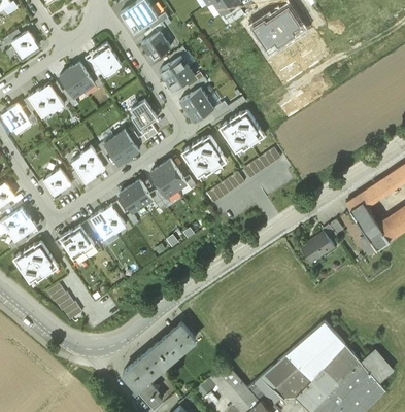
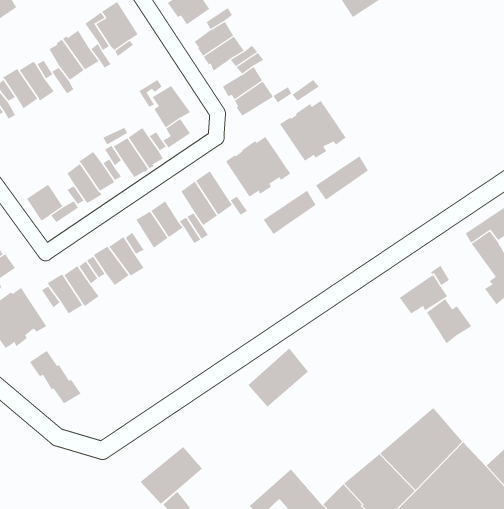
building: none -> [426,298,472,344]
building: [153,323,195,365] -> [248,348,309,407]

